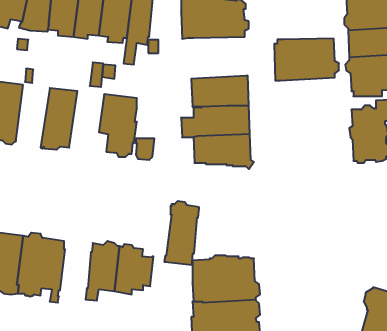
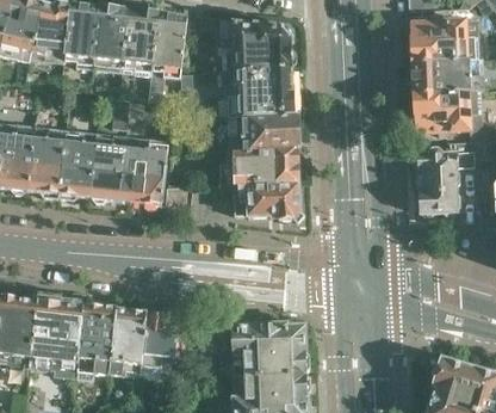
building: [274,39,339,81] -> [224,68,299,117]
building: none -> [27,124,67,197]
building: none -> [89,131,135,202]
building: [164,201,199,265] -> [76,300,117,374]

